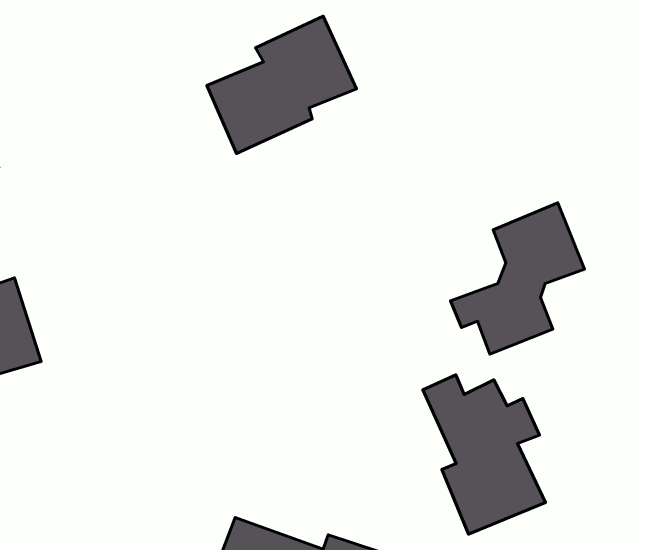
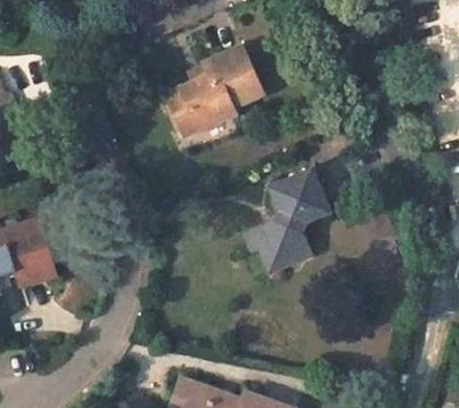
building: [451,203,585,354] -> [241,171,329,271]
building: [423,375,545,534] -> none

